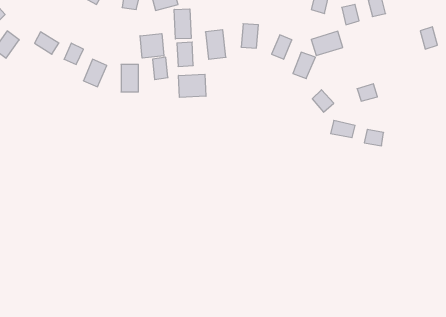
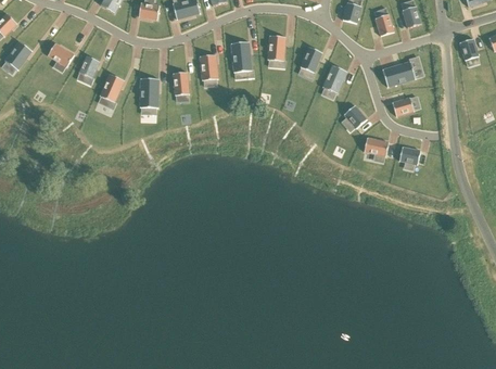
building: [174,9,191,39] -> none
building: [311,31,343,56] -> [384,60,418,86]
building: [140,34,164,58] -> none
building: [179,74,206,97] -> none

